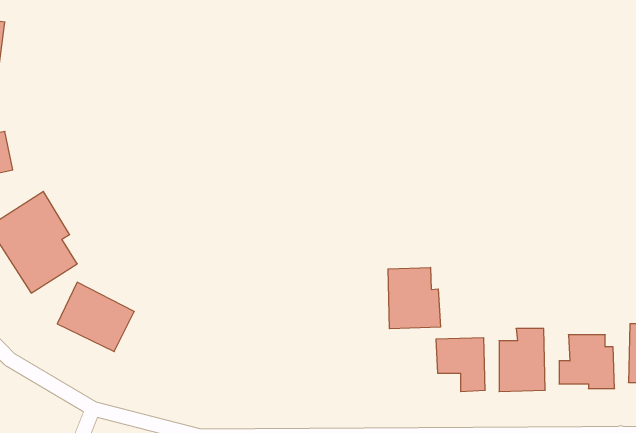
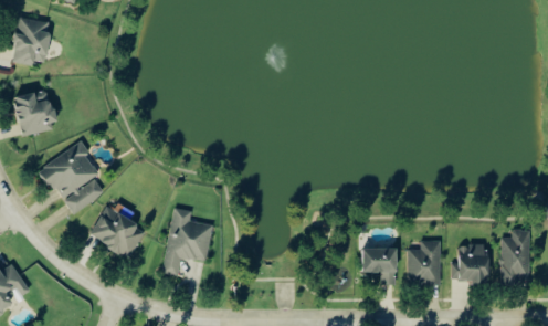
building: [388,267,440,329] -> none
building: none -> [161,207,211,275]

